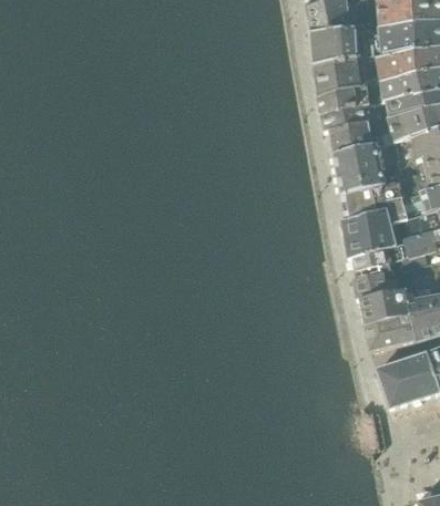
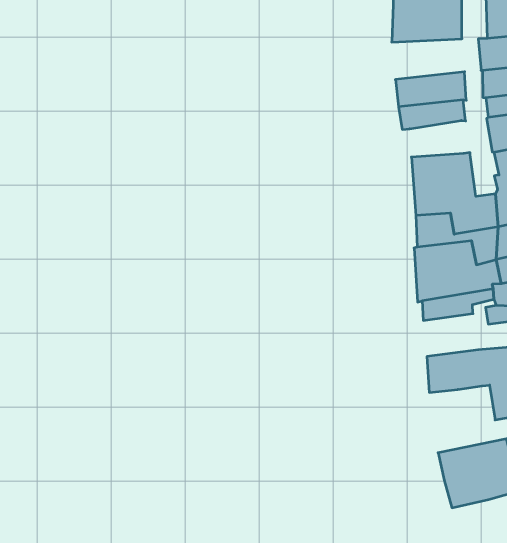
building: [310,59,367,94] -> none
building: [330,120,372,151] -> none
building: [352,269,398,299] -> none
building: [364,314,416,352] -> none

